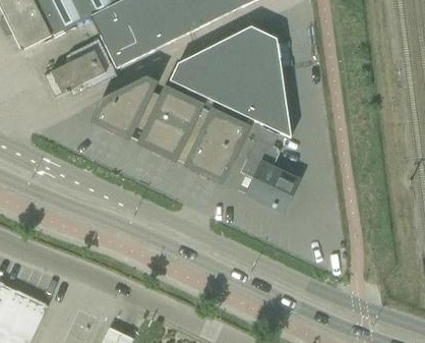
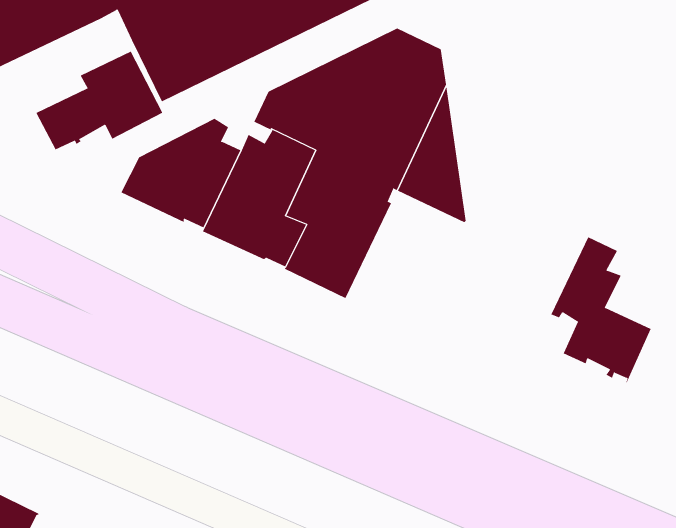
building: [240,126,298,211] -> [551,237,652,384]

